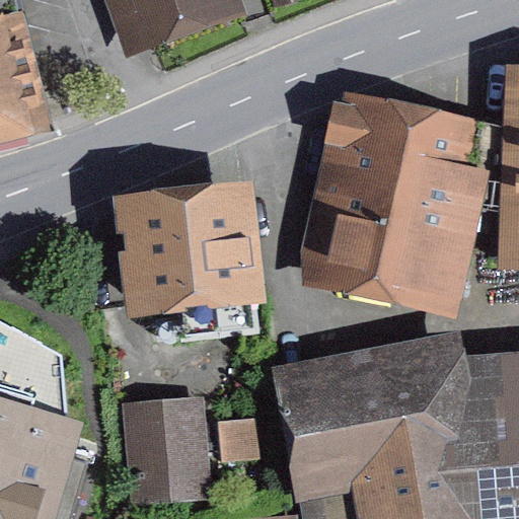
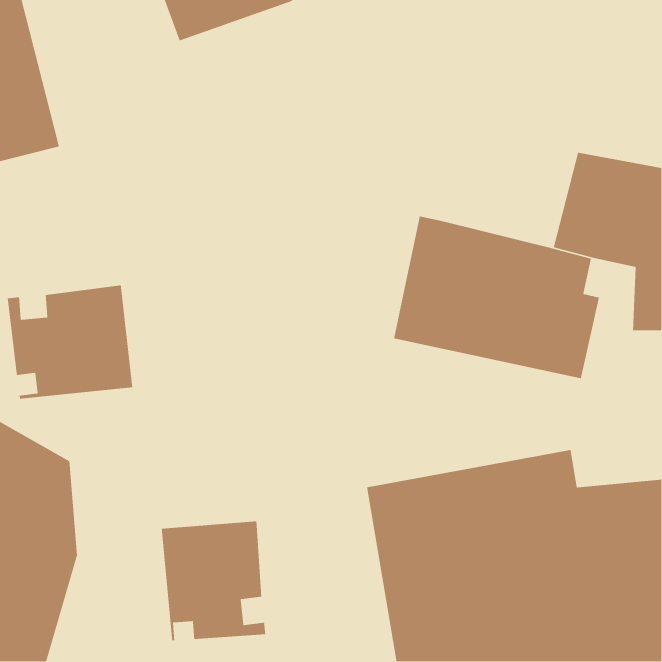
building: [347,100,451,194] -> none
building: [126,199,254,341] -> none
building: none -> [7,285,133,399]

